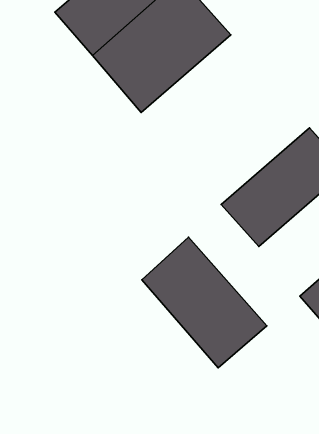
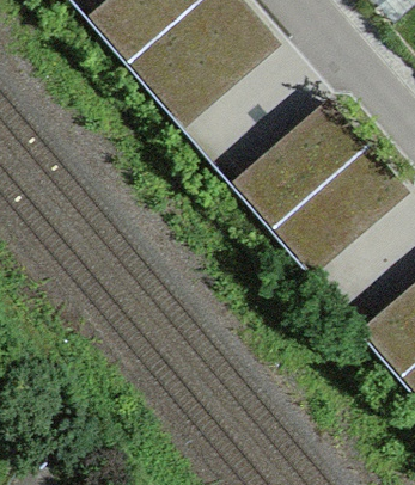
building: none -> [231,99,370,231]
building: [142,237,267,368] -> none

